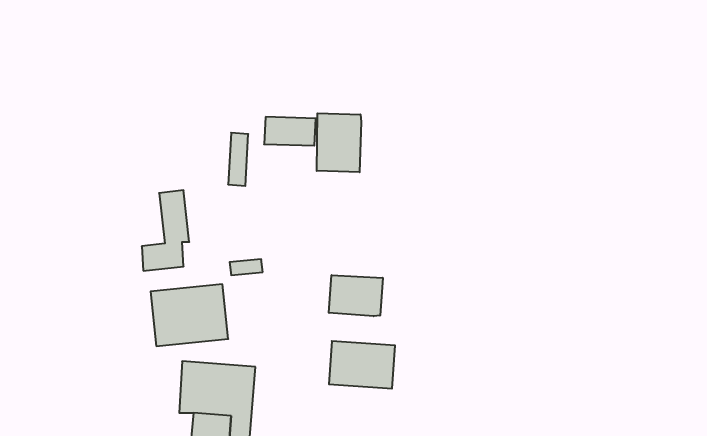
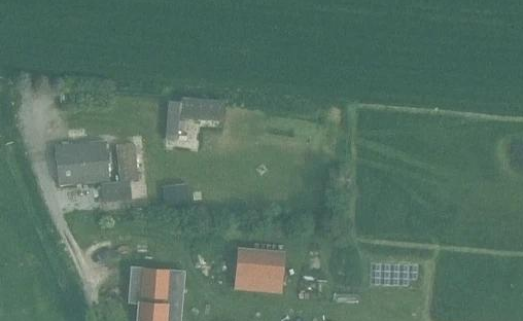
building: [317,113,361,172] -> none
building: [329,275,383,316] -> none
building: [151,284,228,346] -> [55,142,110,186]

